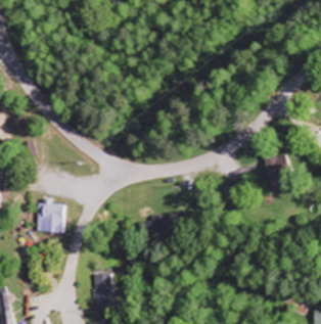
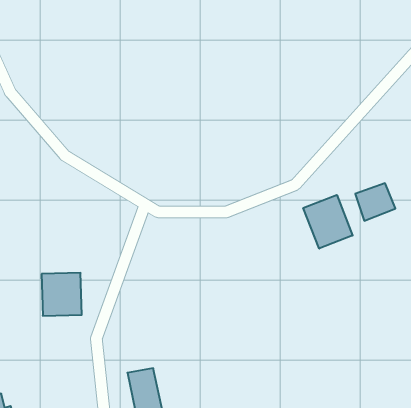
building: none -> [303,195,353,249]

